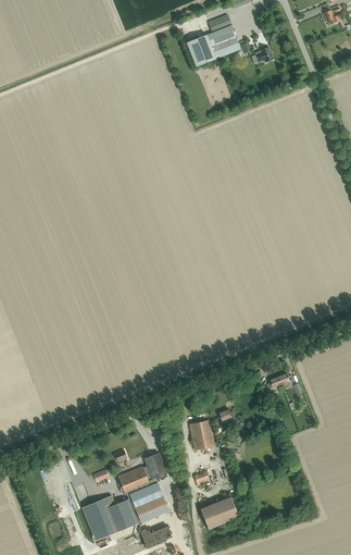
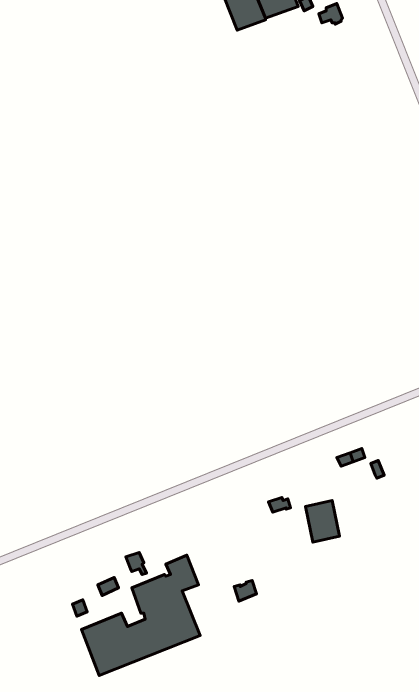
building: [189,419,214,449] -> [305,501,340,542]
building: [200,495,239,529] -> none

